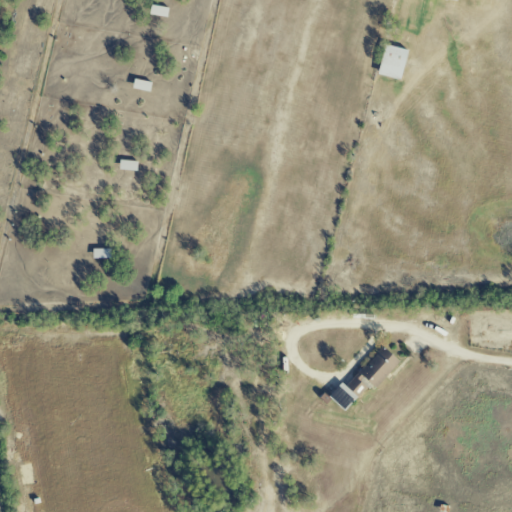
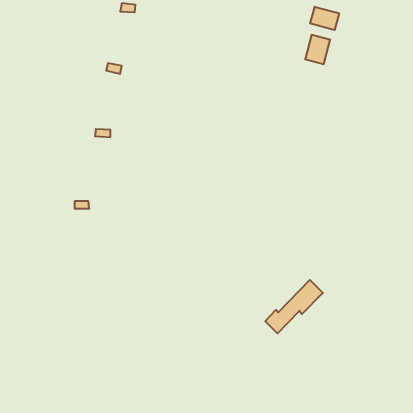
building: none -> [310,7,339,30]

